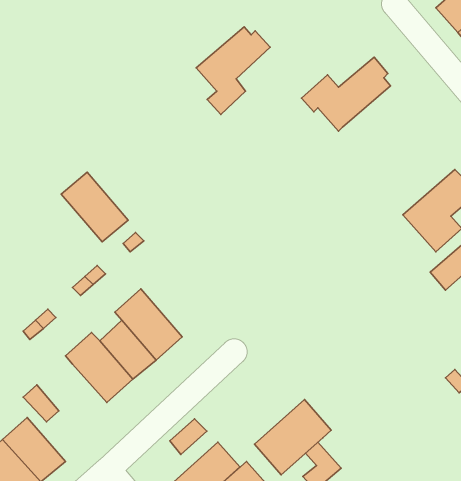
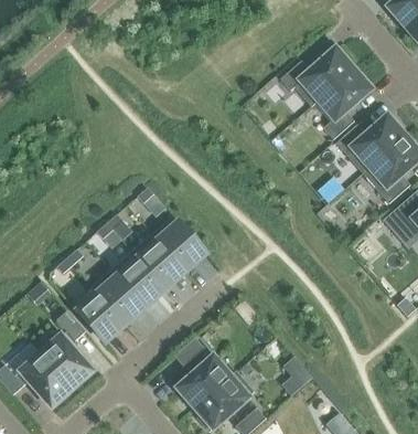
building: [196,27,270,114] -> [314,70,374,140]
building: none -> [337,114,405,173]
building: [61,172,128,242] -> [152,215,206,272]
building: none -> [77,294,125,342]
building: [255,399,331,475] -> none

